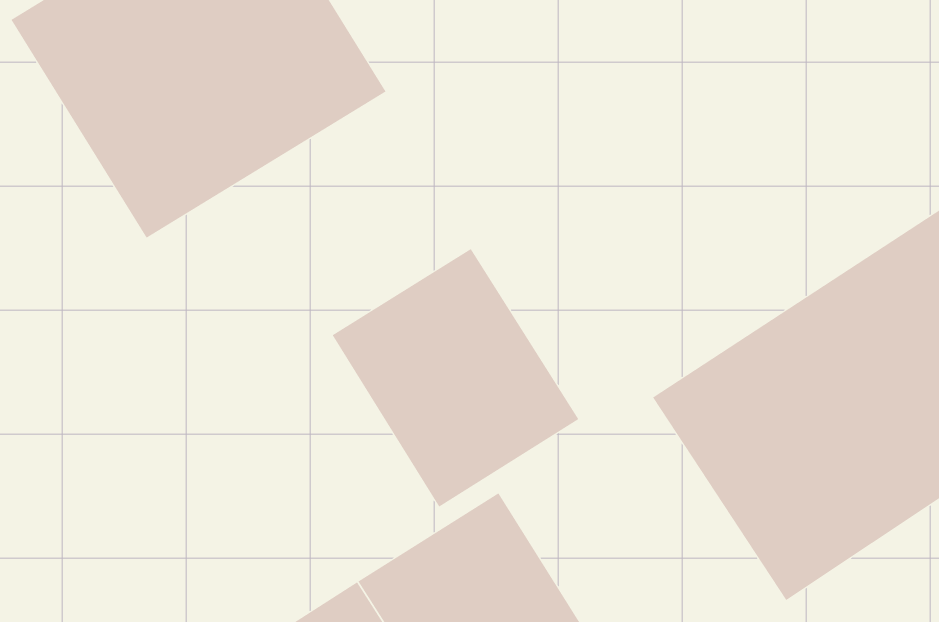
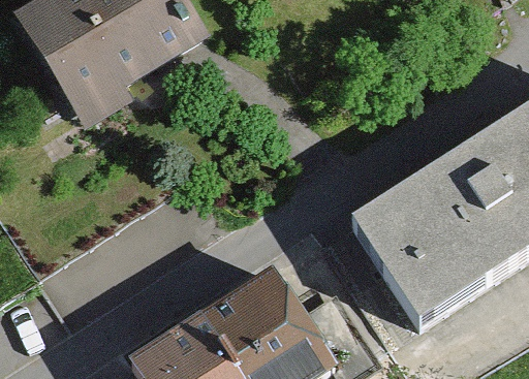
building: [332,248,579,507] -> none

